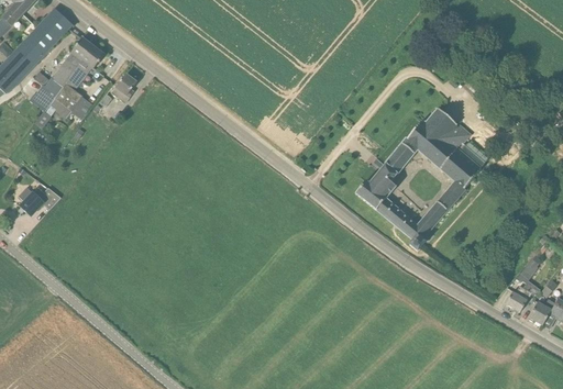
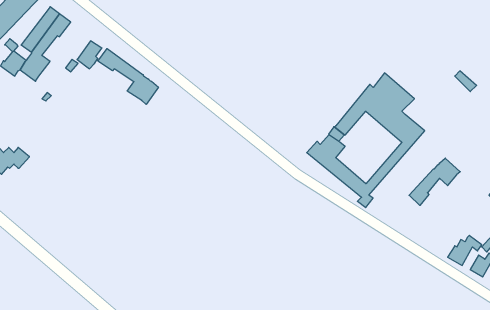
building: none -> [98,49,158,104]
building: none -> [409,158,460,205]

